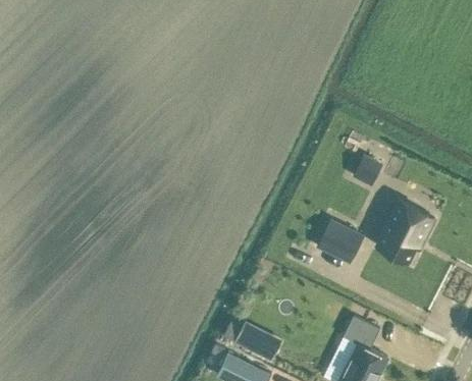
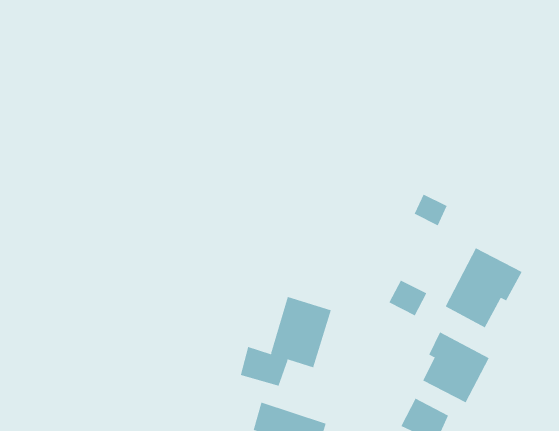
building: none -> [240,296,331,386]
building: none -> [423,332,489,403]

